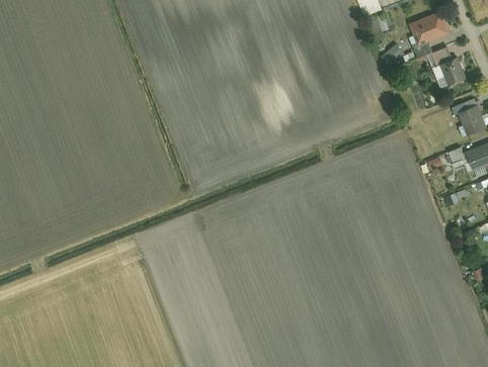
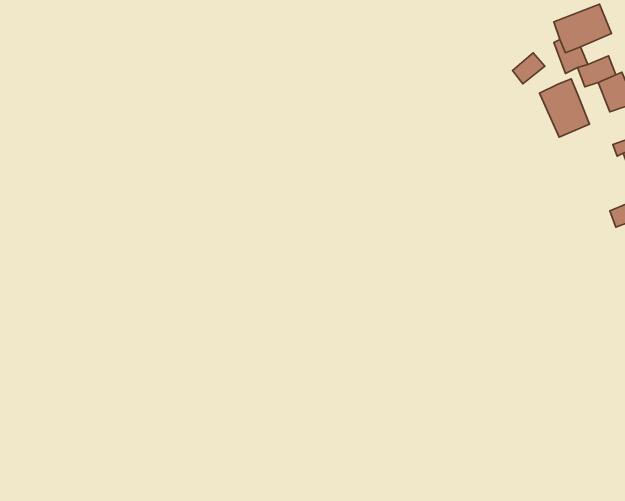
building: none -> [540,79,590,137]

